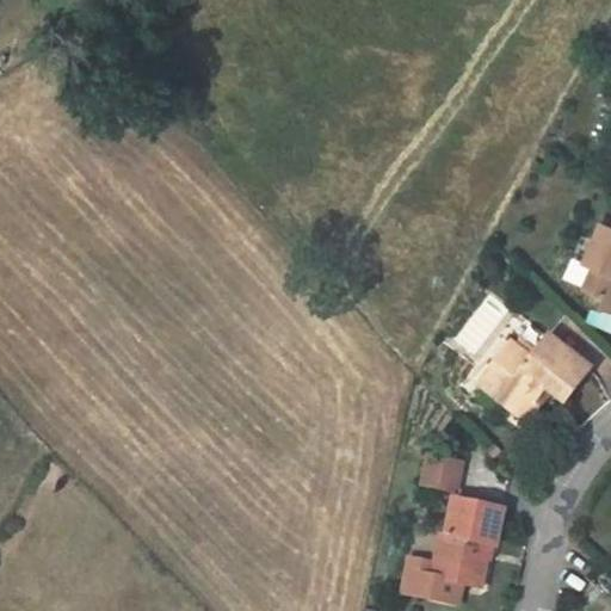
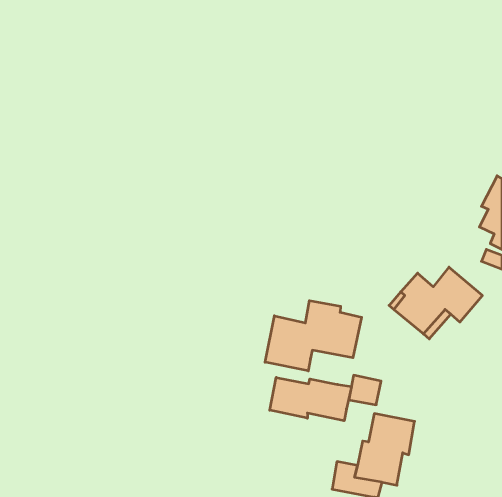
building: none -> [265,301,362,371]
building: none -> [270,377,351,421]

